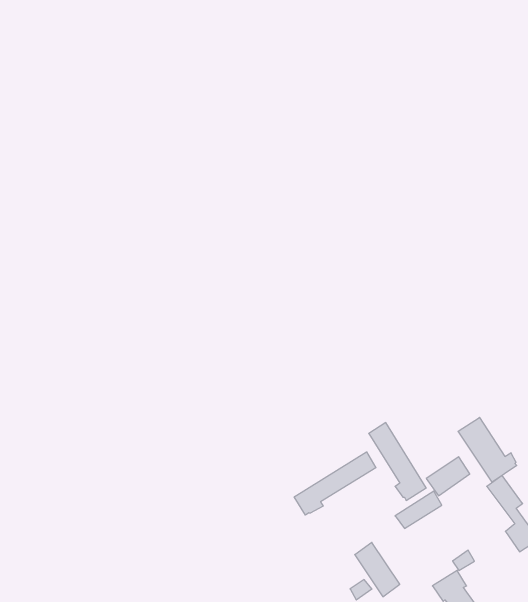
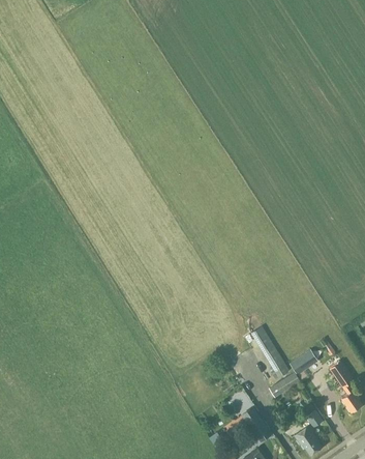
building: [458,417,517,482] -> none
building: [294,452,376,515] -> none

